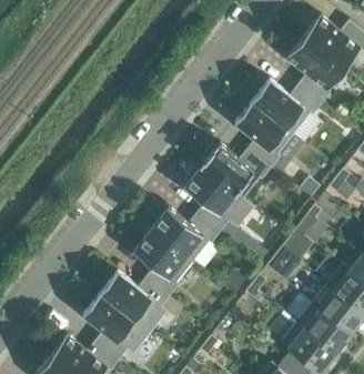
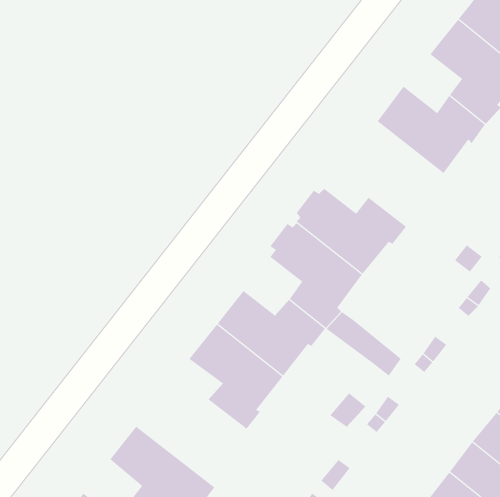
building: [234,101,294,168] -> none
building: [100,271,170,332] -> none

